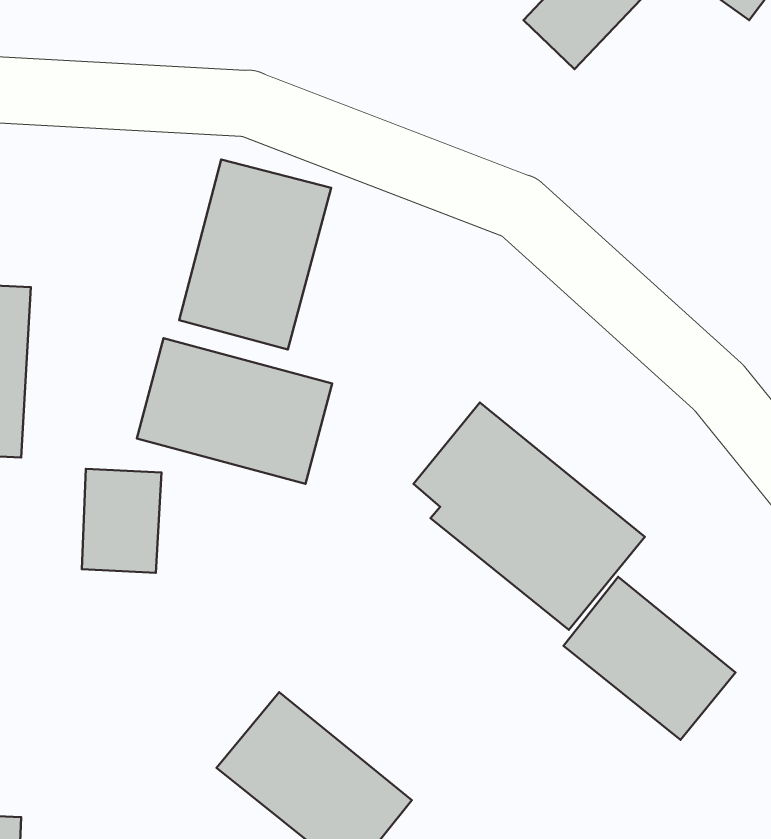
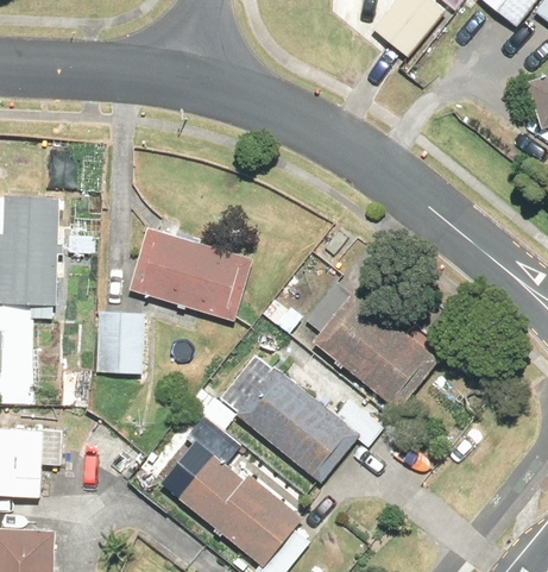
building: [179,160,331,350] -> none
building: none -> [215,352,357,483]
building: [563,577,736,740] -> none

